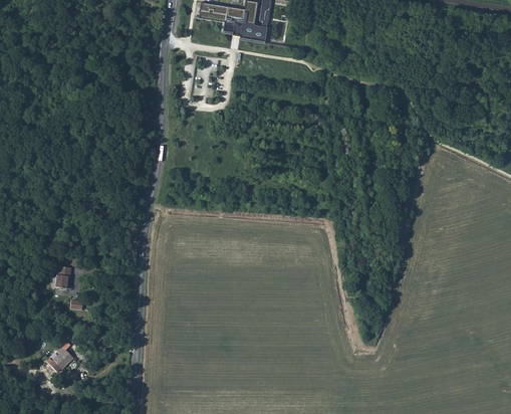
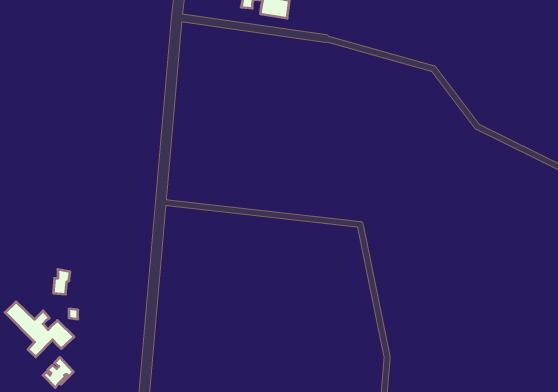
building: none -> [5,302,74,357]

